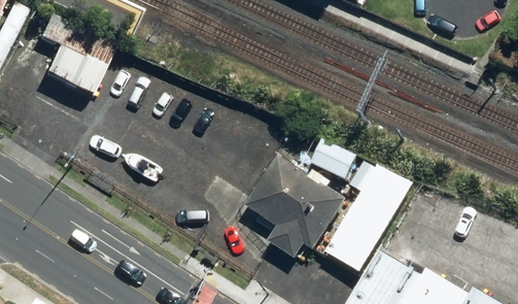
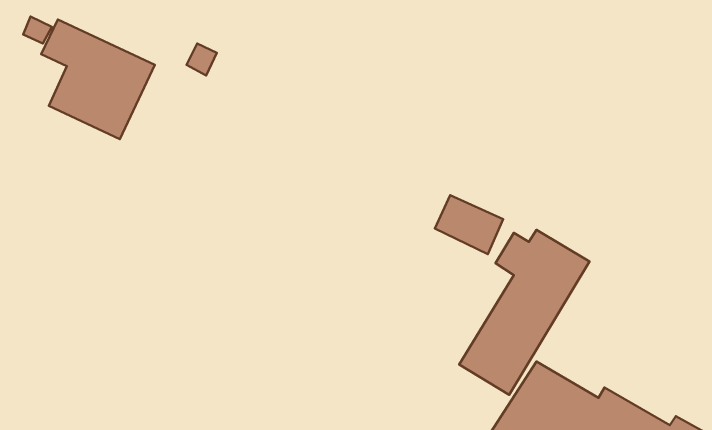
building: [242,156,341,258] -> none

